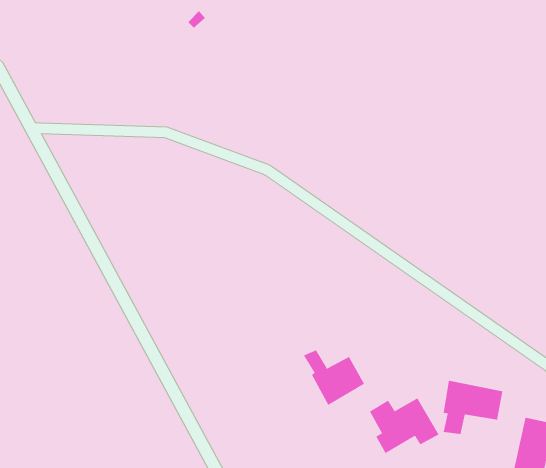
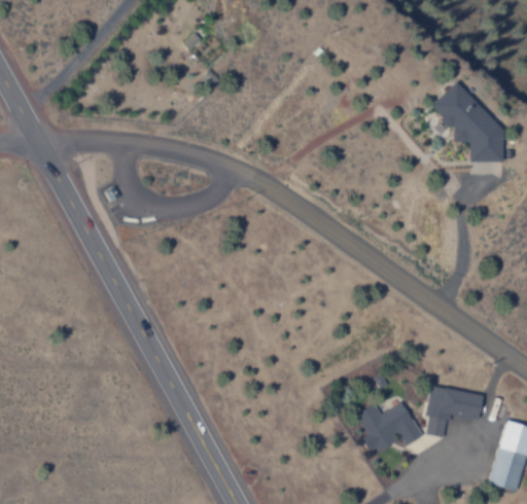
building: none -> [432,82,503,163]
building: [303,349,365,406] -> none

